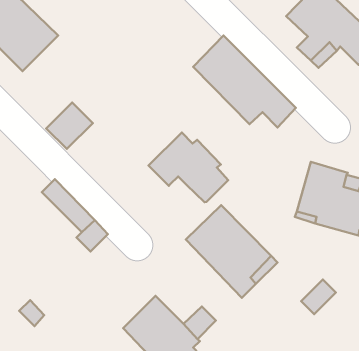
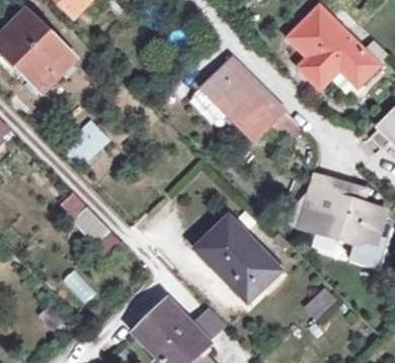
building: [148,133,228,202] -> none

